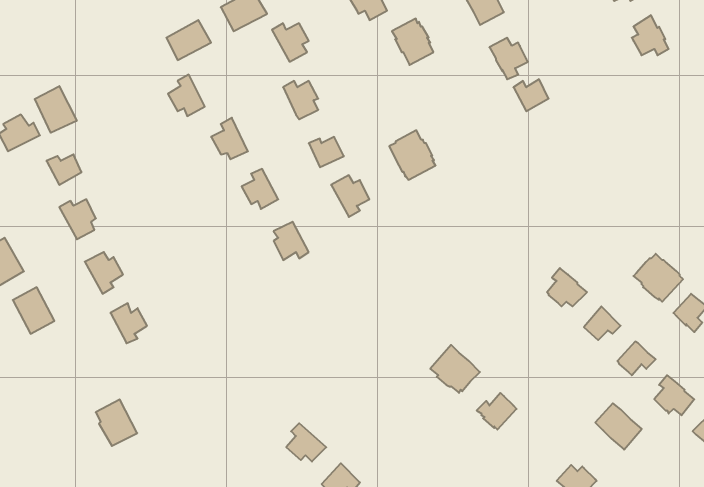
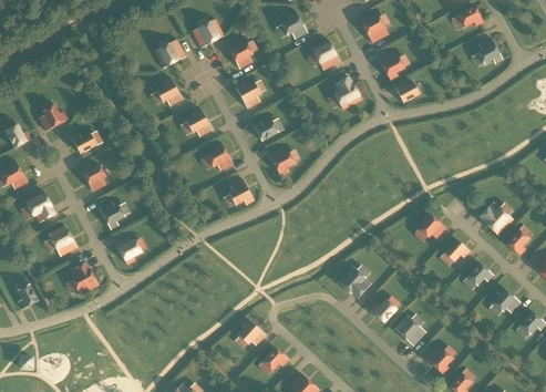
building: [35,86,77,133] -> none
building: [389,130,436,180] -> [330,75,362,110]
building: [96,399,137,446] -> [70,262,99,295]
building: [595,403,642,450] -> [394,314,426,347]

